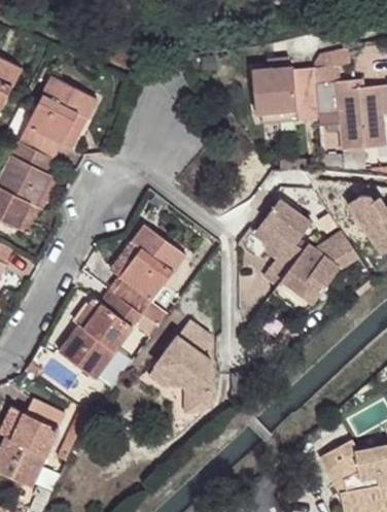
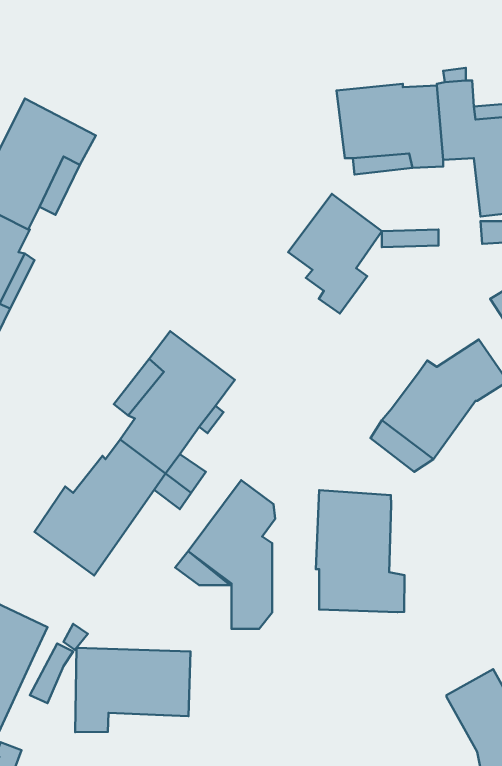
building: [252,197,312,273] -> [288,194,382,313]
building: none -> [316,490,404,612]
building: none -> [75,648,191,732]

